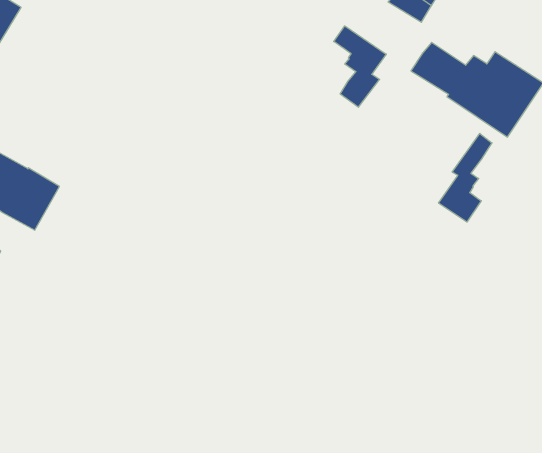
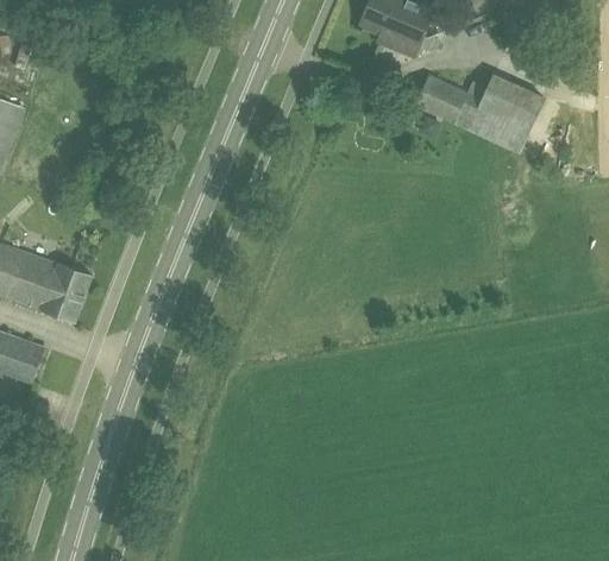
building: [334,26,386,107] -> none
building: [439,133,492,222] -> none

